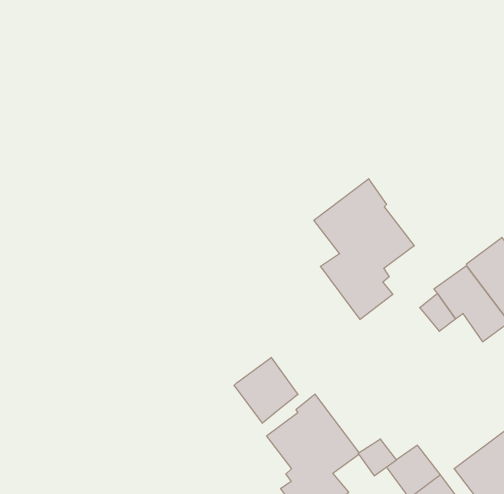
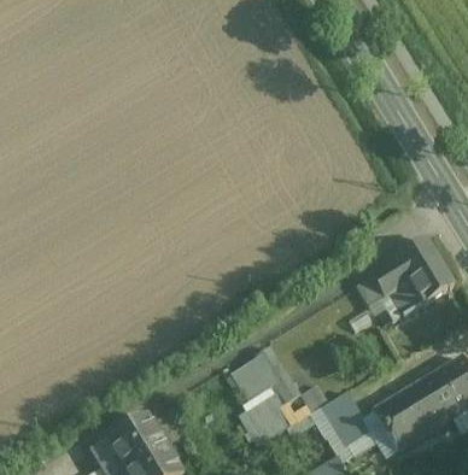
building: [314,179,414,319] -> none
building: [234,357,298,423] -> none

